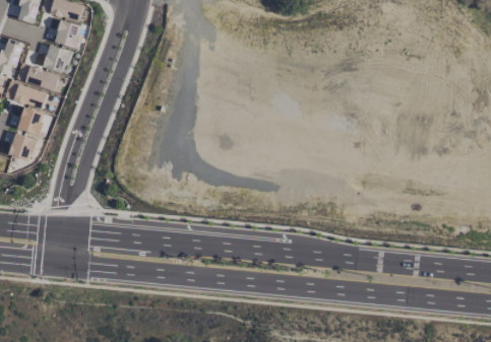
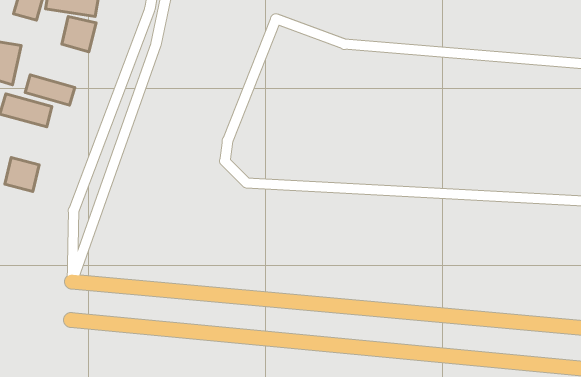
building: [44,44,72,72] -> none
building: [18,107,46,134] -> none

